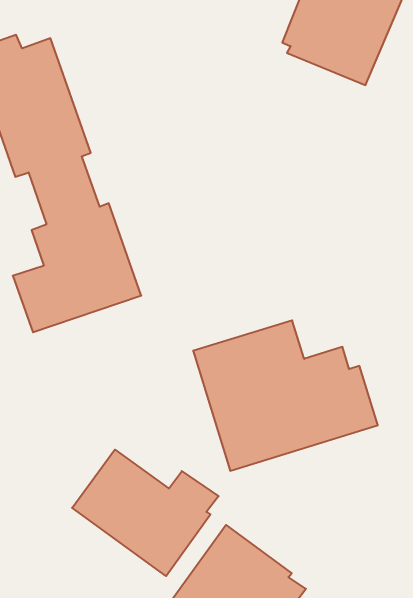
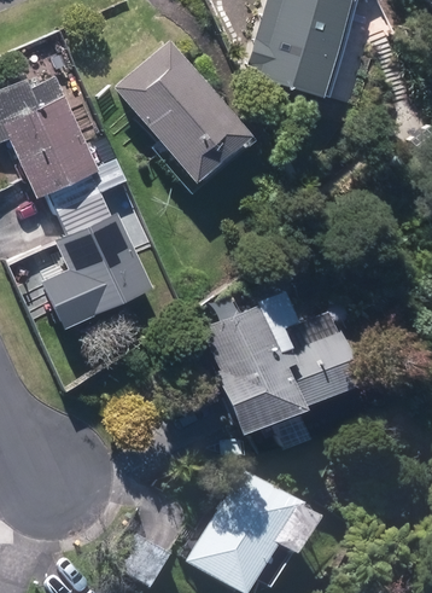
building: none -> [116,40,250,178]
building: [72,450,219,576] -> none

